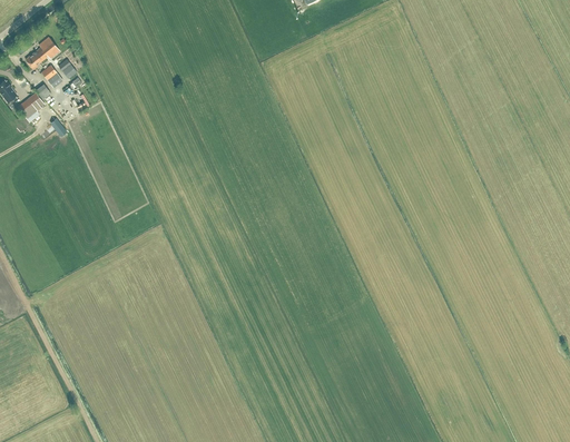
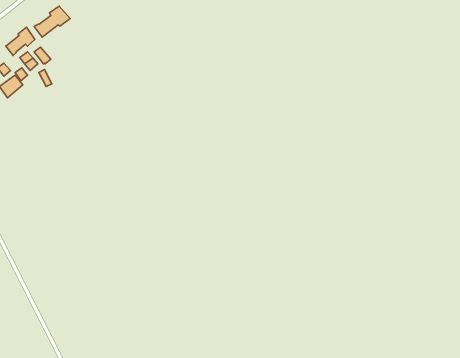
building: none -> [34,6,70,37]

